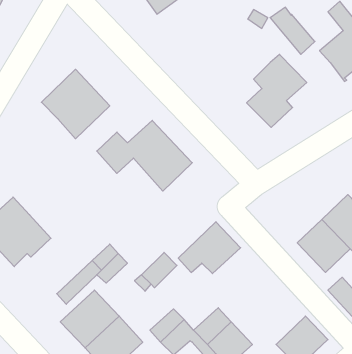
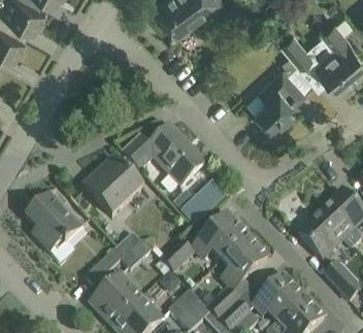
building: [41,69,110,139] -> [82,158,142,219]
building: none -> [173,184,224,225]
building: none -> [223,237,267,289]
building: none -> [254,275,304,322]

